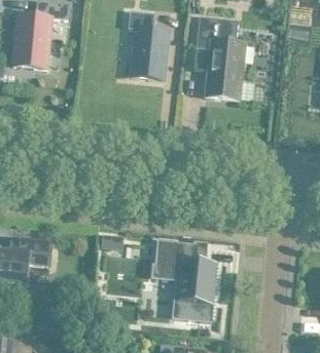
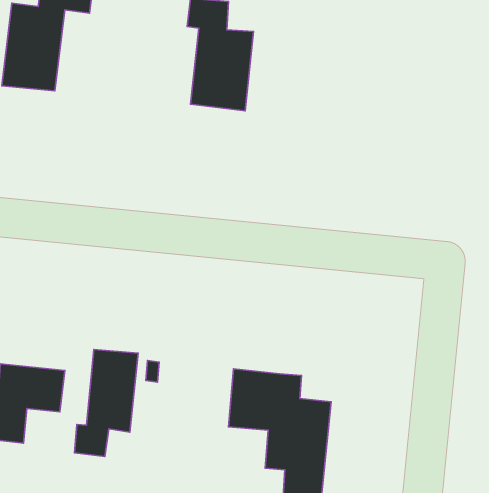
building: [195,16,244,100] -> none
building: none -> [74,349,138,456]

